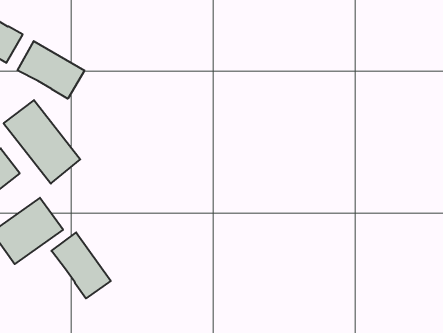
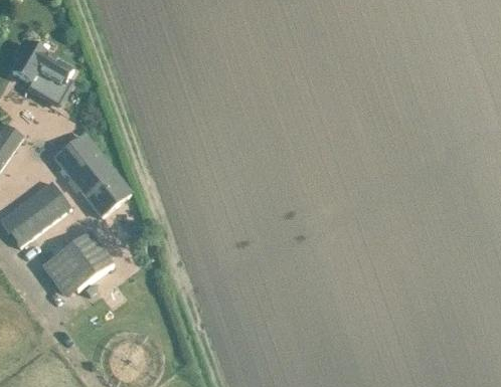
building: [18,41,84,99] -> none
building: [51,232,111,298] -> none

